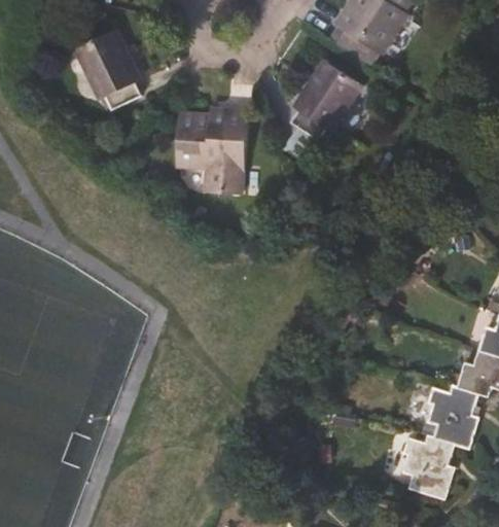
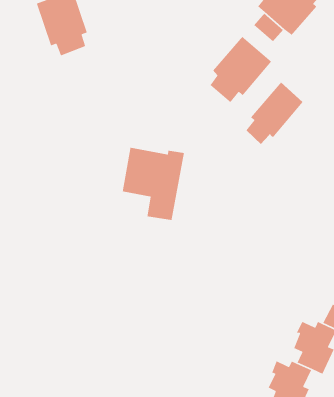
building: none -> [245,81,304,145]
building: [177,110,246,194] -> [122,147,185,221]

